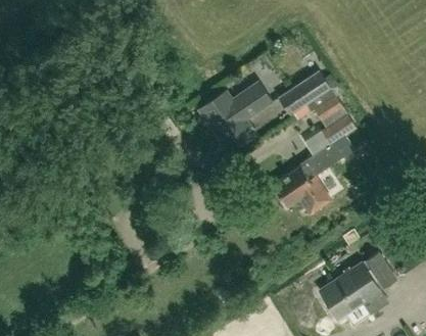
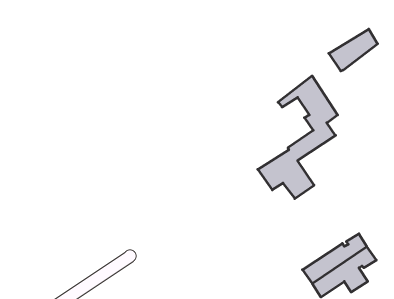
building: [278,71,329,115] -> [329,29,378,71]
building: [197,82,271,145] -> none

